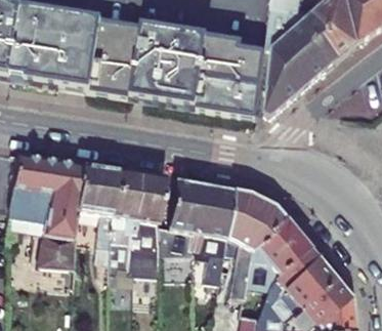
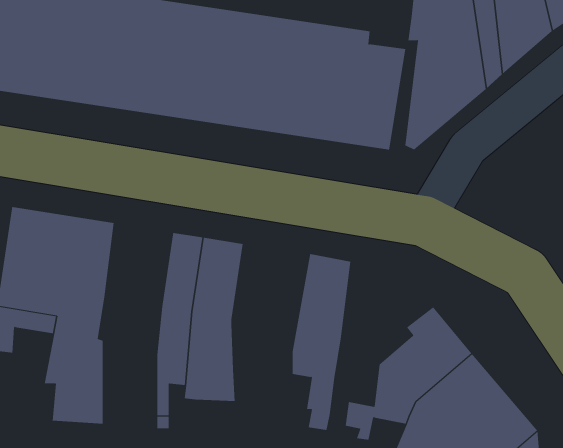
building: [75,161,118,261] -> none
building: [156,175,205,254] -> none
building: [216,185,284,298] -> none

